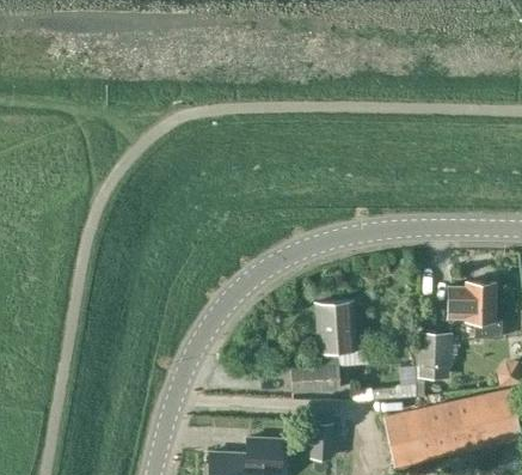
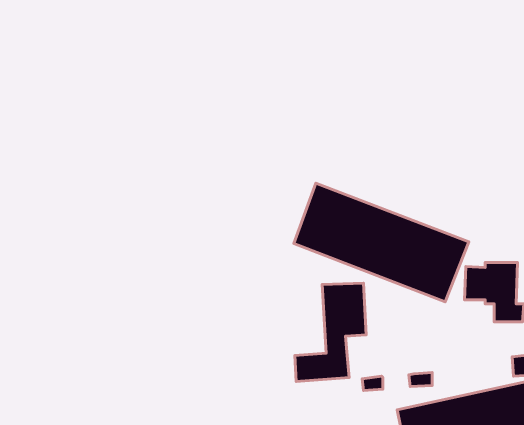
building: none -> [294,183,469,302]
building: [418,334,453,378] -> none

